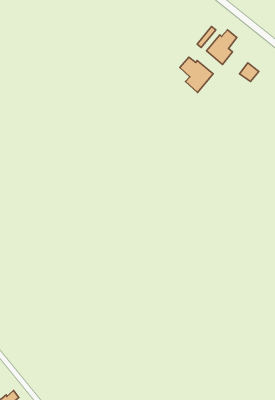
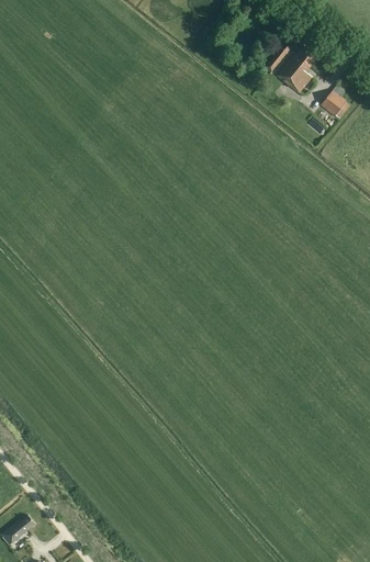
building: [180,57,213,92] -> none

